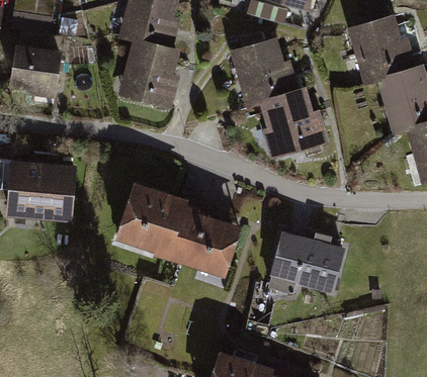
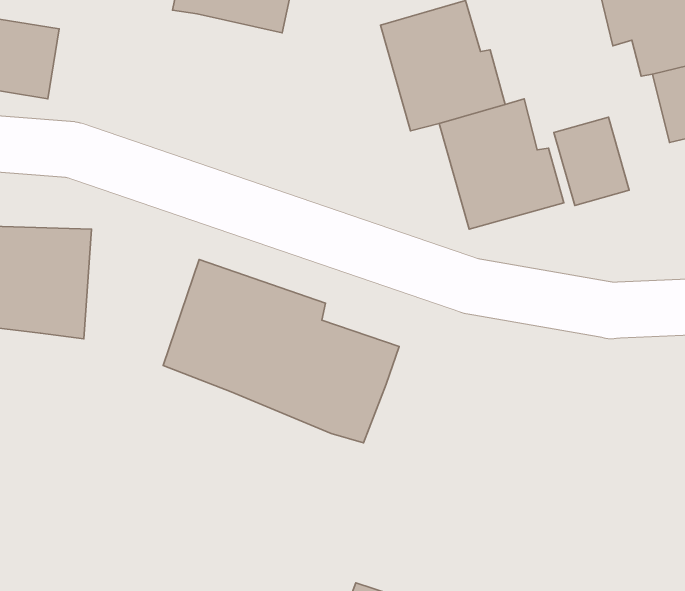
building: [119,45,178,113] -> none
building: none -> [554,117,629,206]
building: [268,230,345,291] -> none

